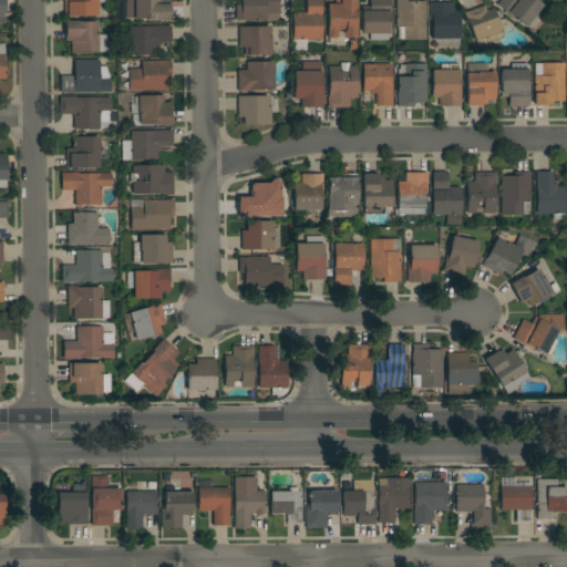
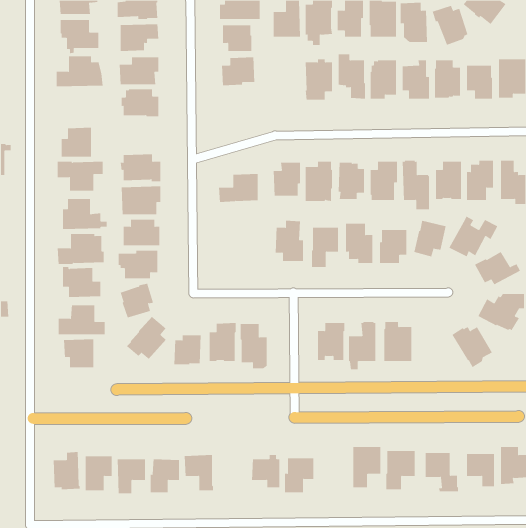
building: [295,62,326,107] -> none
building: [239,95,271,125] -> none
building: [61,96,112,130] -> none
building: [123,131,174,161] -> none
building: [243,221,275,250] -> none
building: [240,256,285,287] -> none
building: [449,353,477,393] -> none
building: [236,477,267,529] -> none
building: [343,481,377,525] -> none

